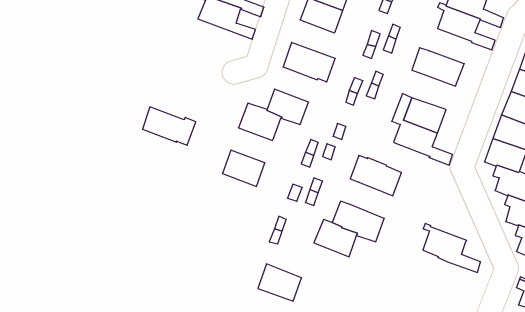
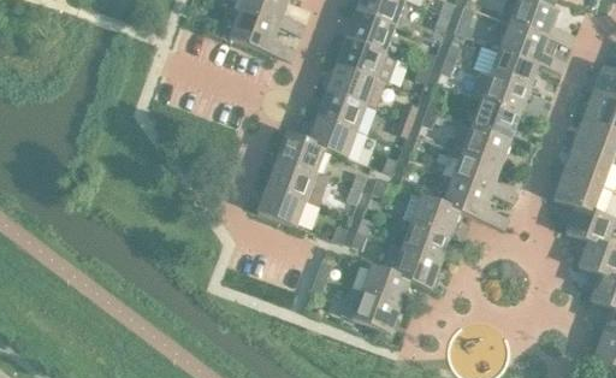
building: none -> [336,37,396,82]
building: none -> [491,47,539,87]
building: none -> [316,90,365,130]
building: none -> [472,98,521,138]
building: [143,107,196,145] -> [267,159,327,202]
building: none -> [402,220,450,261]
building: [423,223,481,273] -> [443,172,508,228]
building: [258,264,302,301] -> [351,289,401,331]

